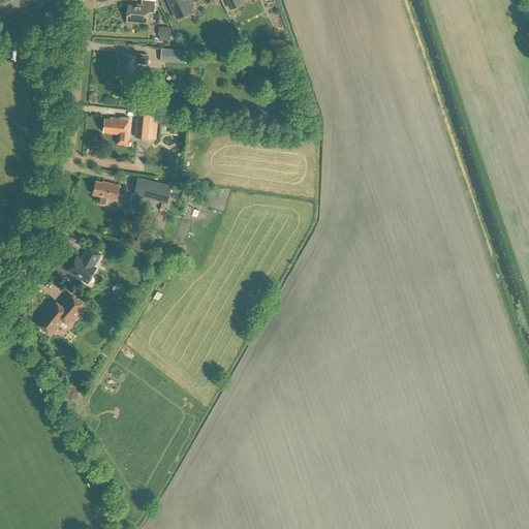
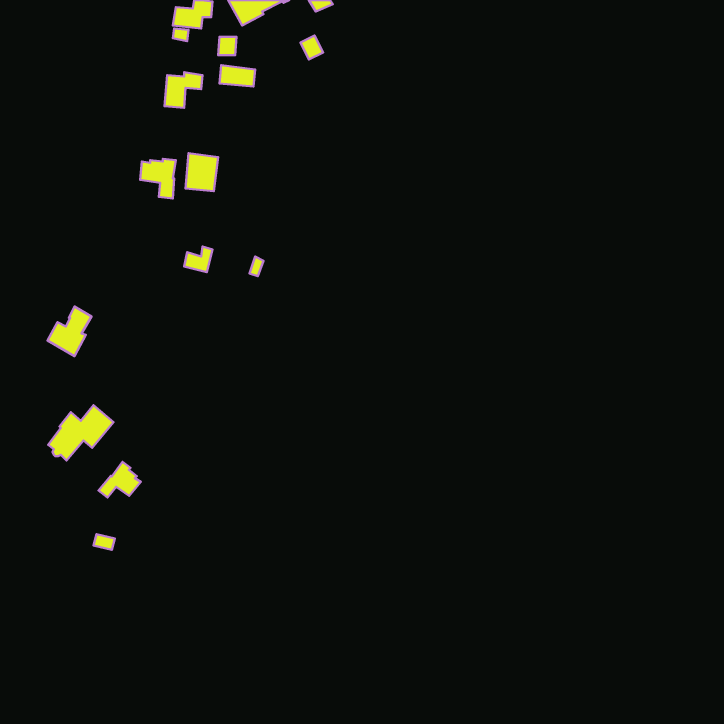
building: [92,182,129,206] -> none
building: [68,247,100,283] -> [47,307,91,356]
building: none -> [98,462,141,498]

